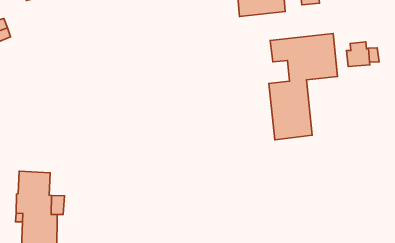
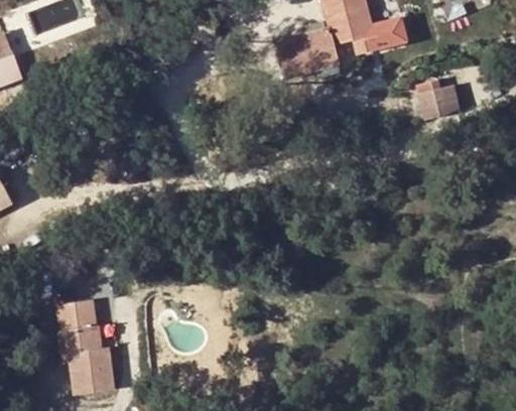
building: [269,33,338,140] -> none

